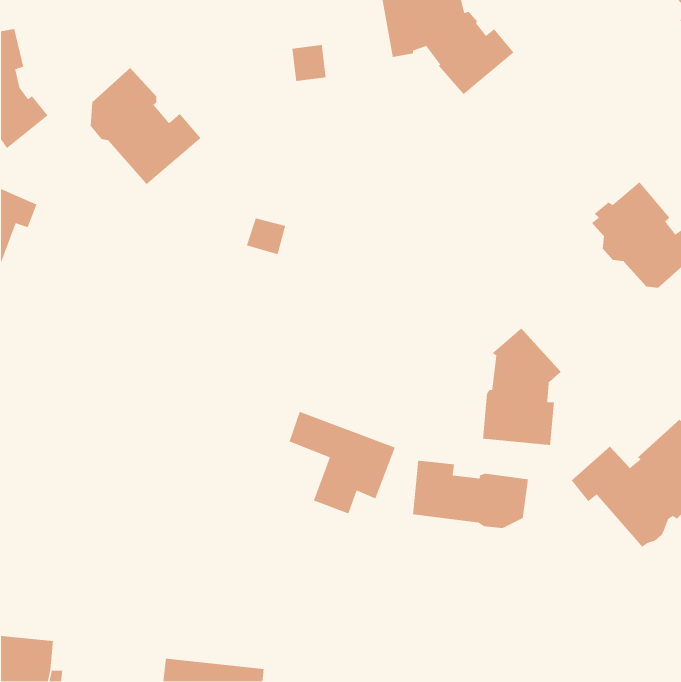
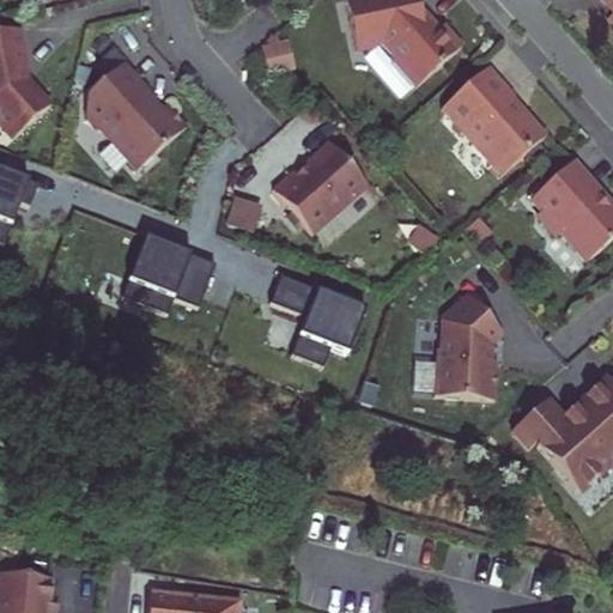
building: none -> [441,68,545,178]
building: none -> [273,140,368,232]
building: none -> [121,232,214,311]
building: [289,411,396,514] -> [271,271,366,363]
building: [412,460,529,529] -> none

